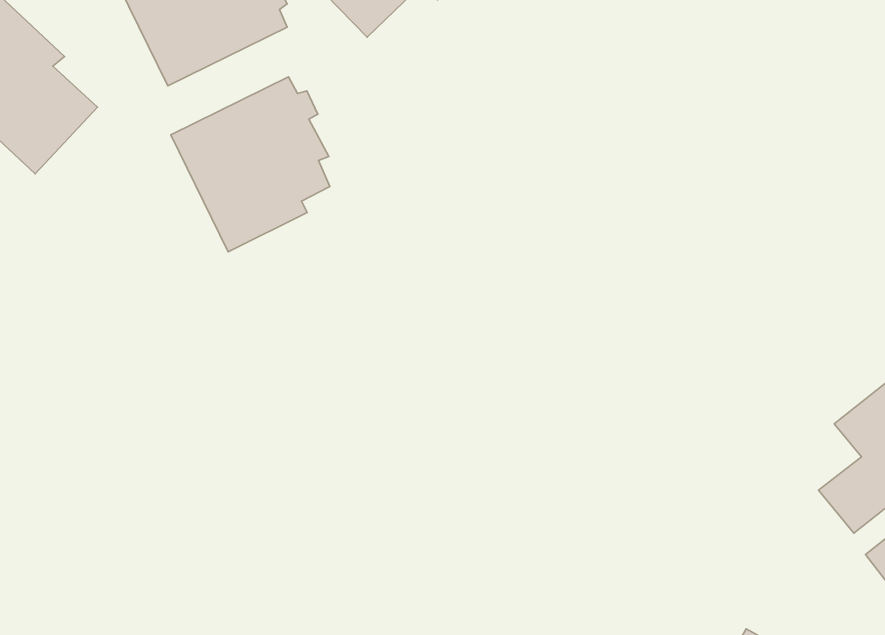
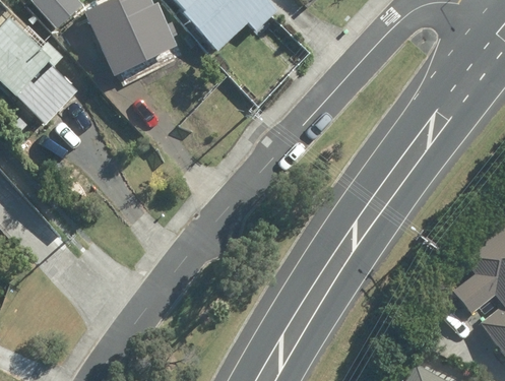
building: [171,77,330,252] -> none

